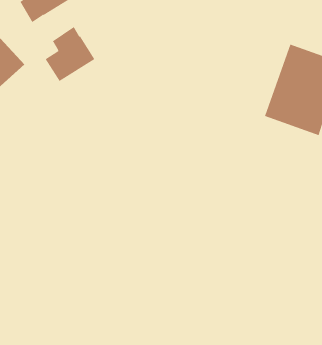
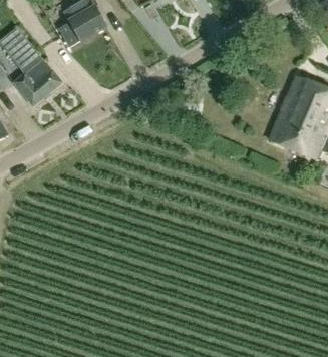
building: [45,26,95,82] -> none

